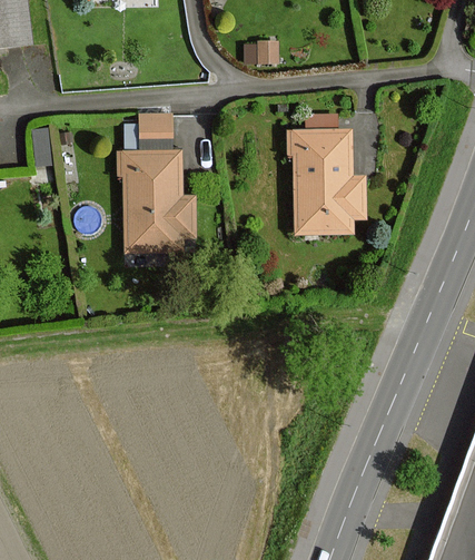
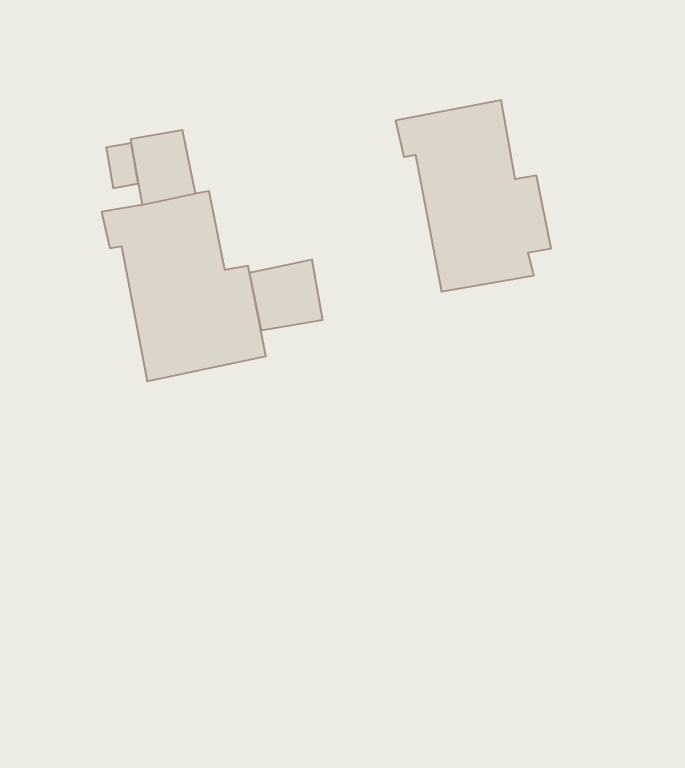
building: none -> [249,259,323,331]

